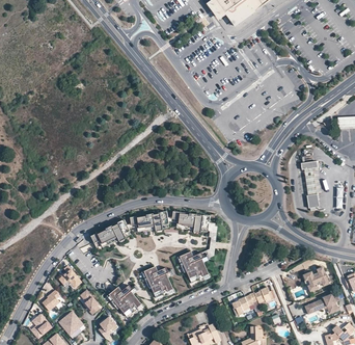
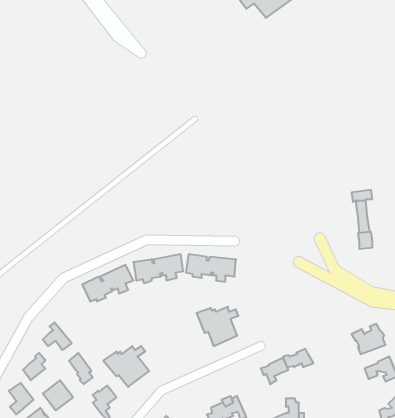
building: [142,267,175,297] -> none

